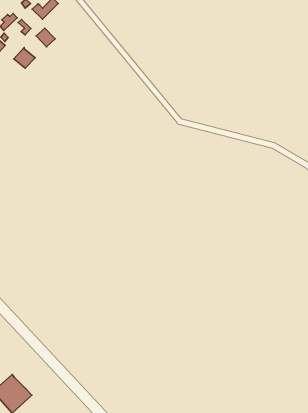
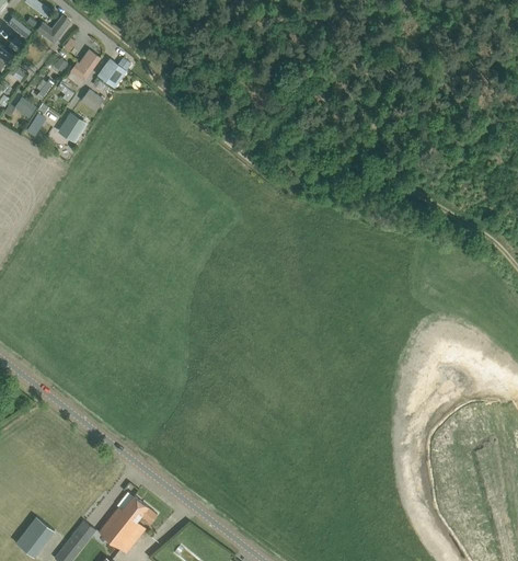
building: none -> [97,57,129,85]
building: none -> [122,495,157,522]

